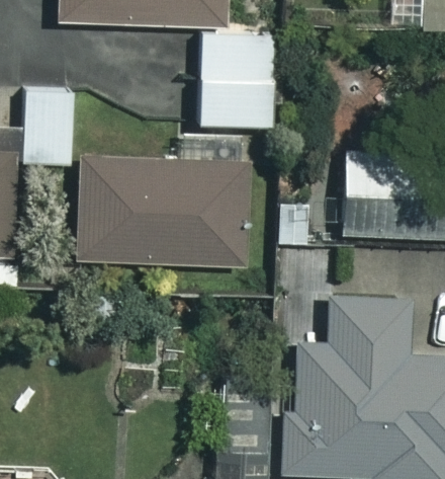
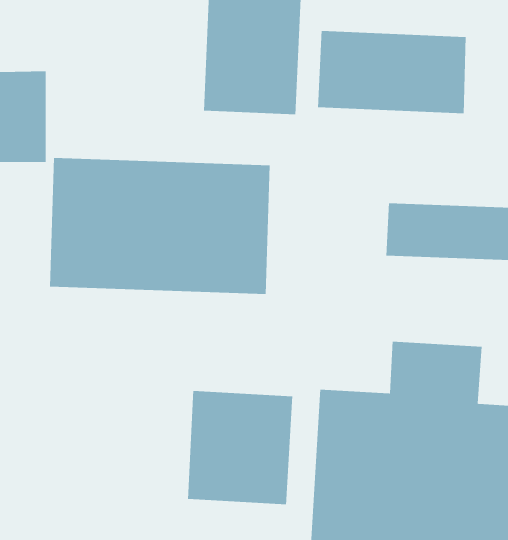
building: none -> [318,30,466,114]
building: none -> [187,390,293,505]

